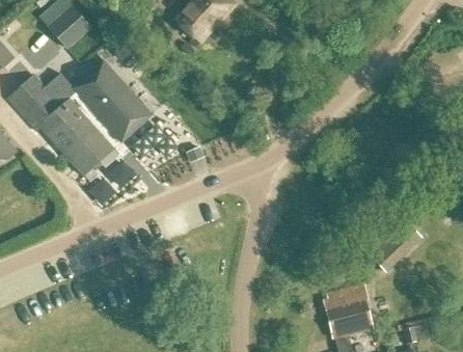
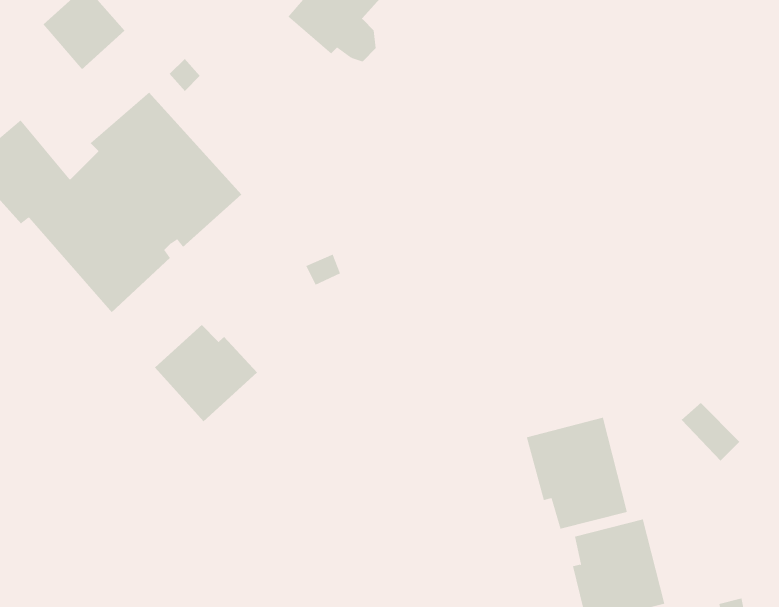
building: none -> [154,324,258,422]
building: none -> [526,417,628,530]

